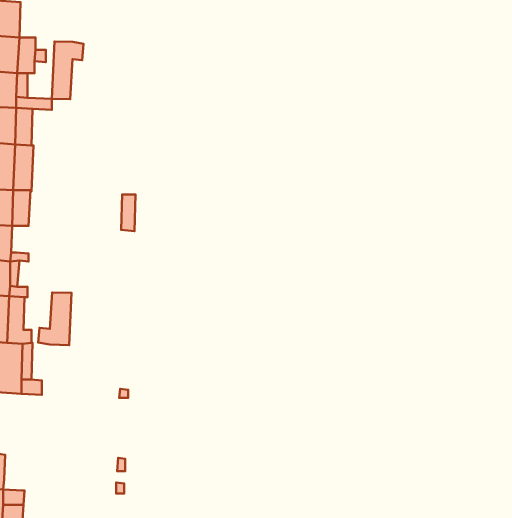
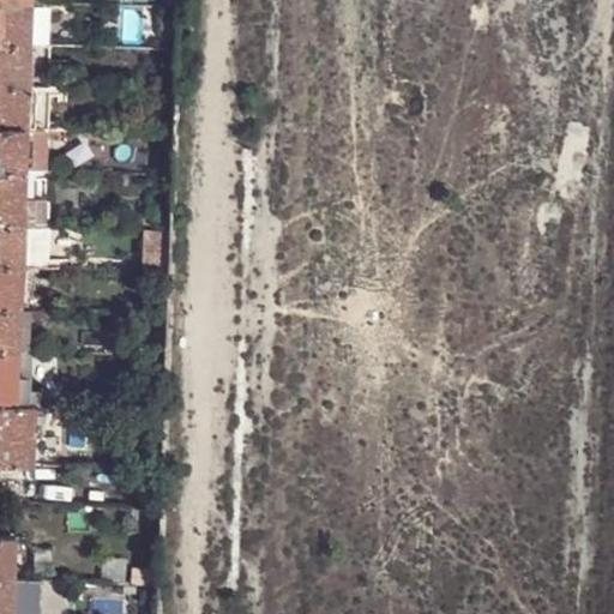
building: [52,41,84,99] -> none
building: [38,292,72,345] -> none

